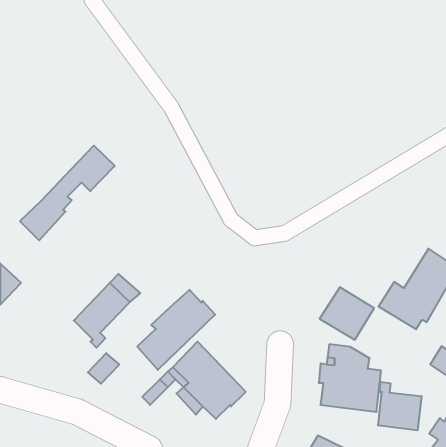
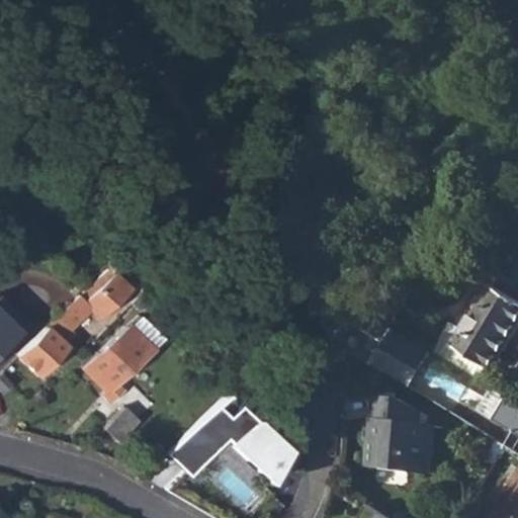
building: [20,146,115,240] -> [21,269,131,378]
building: [137,290,215,370] -> none
building: [378,382,422,430] -> none

